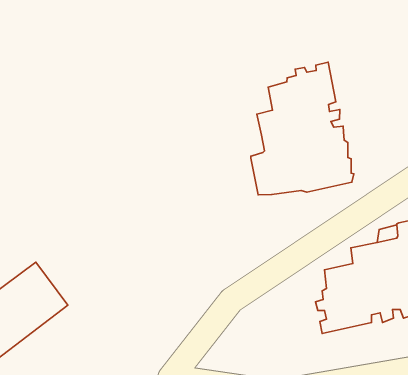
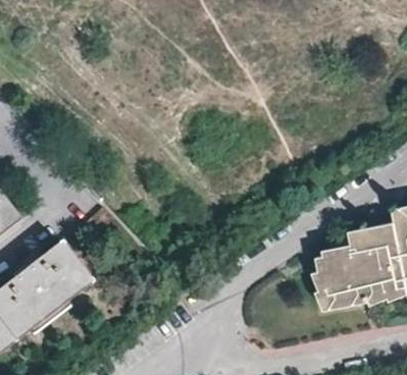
building: [251,62,354,195] -> none

